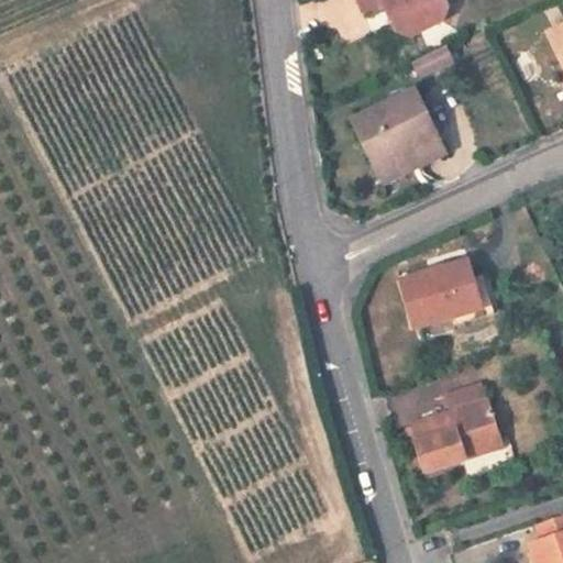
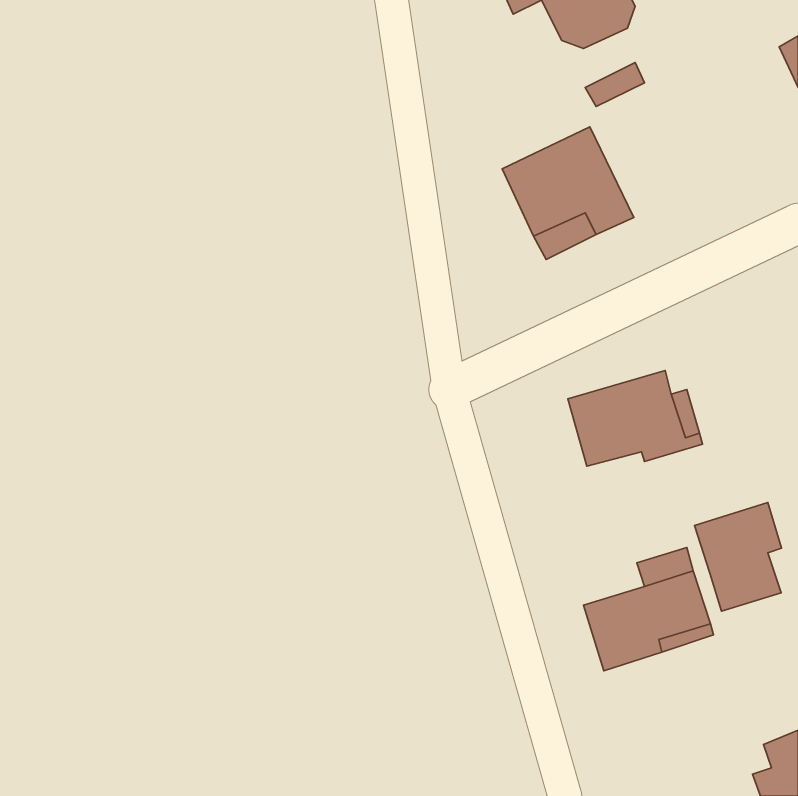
building: none -> [695,503,782,611]

